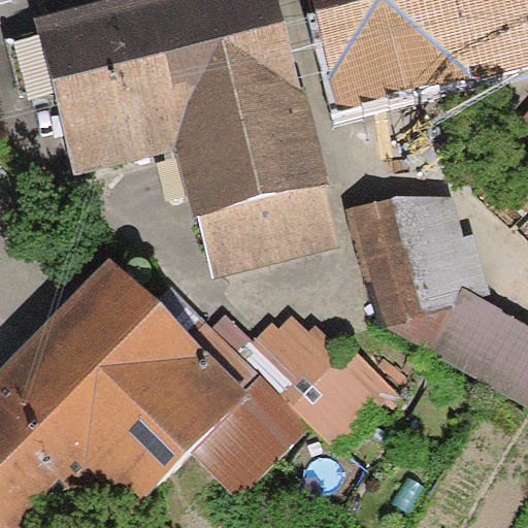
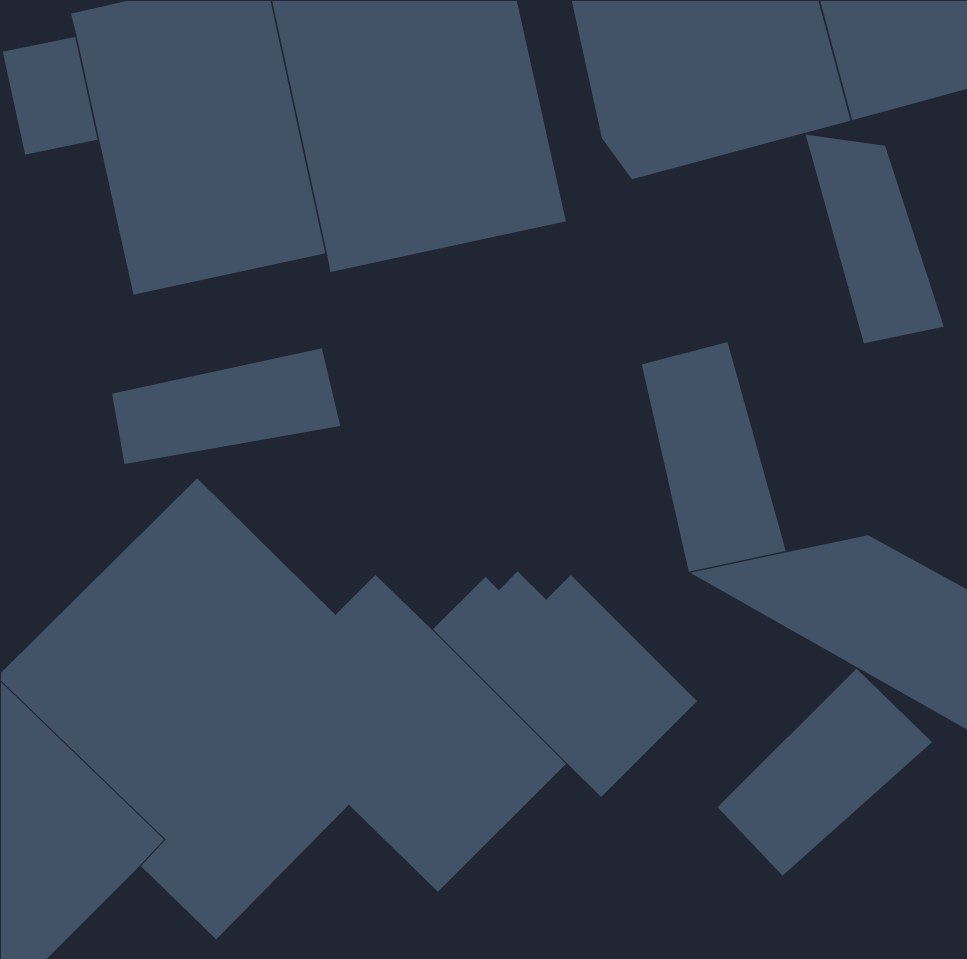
building: [180,126,331,250] -> none
building: [397,191,473,305] -> [804,134,945,344]
building: none -> [111,347,341,465]
building: none -> [717,668,933,876]

